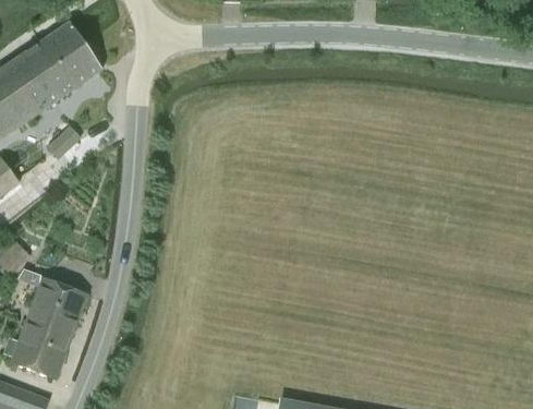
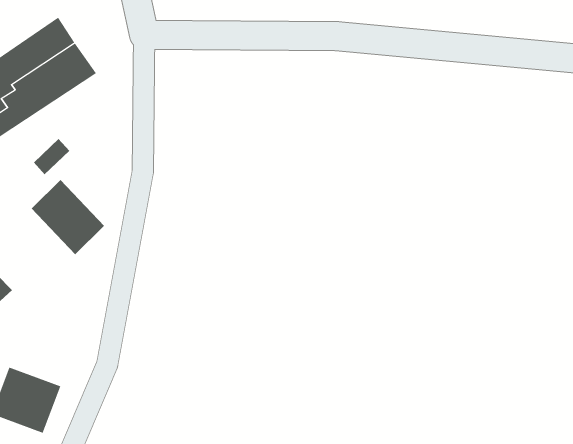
building: none -> [31,179,105,255]
building: [26,278,86,338] -> none

